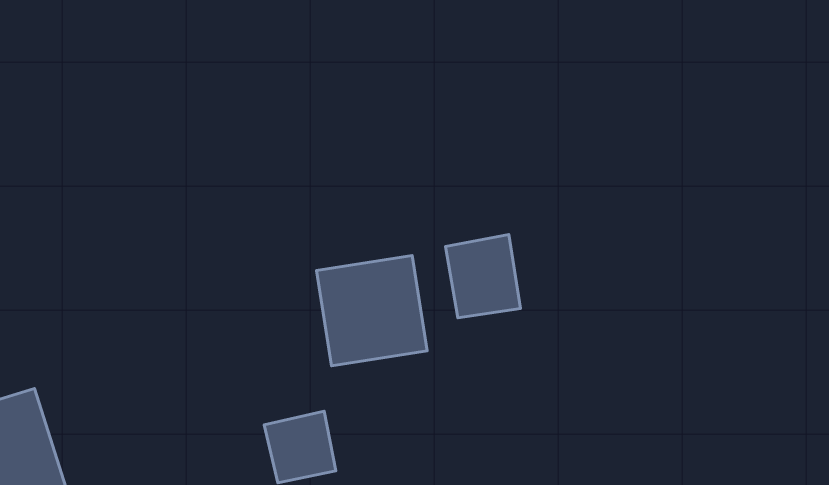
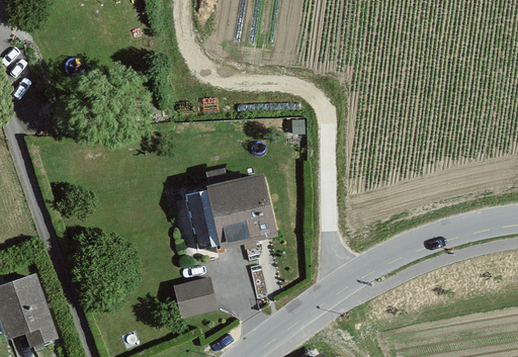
building: [445,235,520,318] -> none

